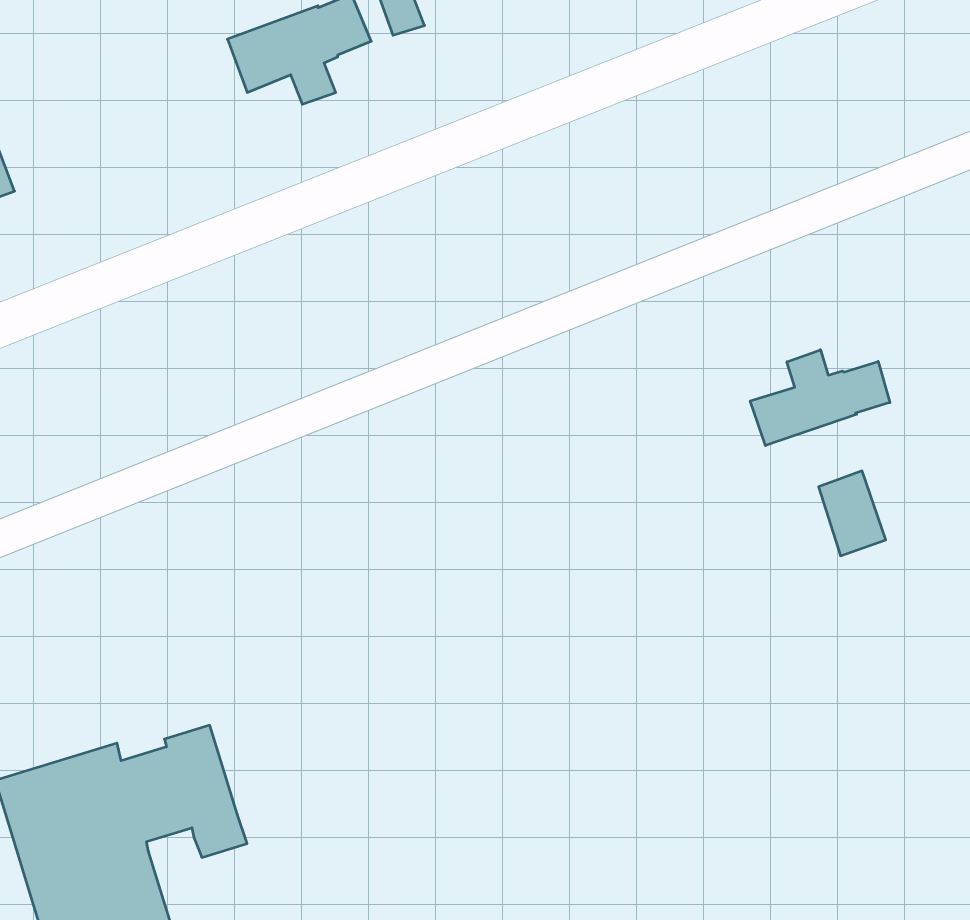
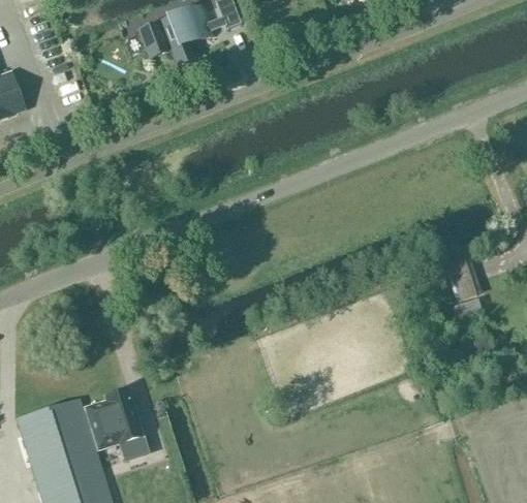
building: [750,350,890,446] -> none

